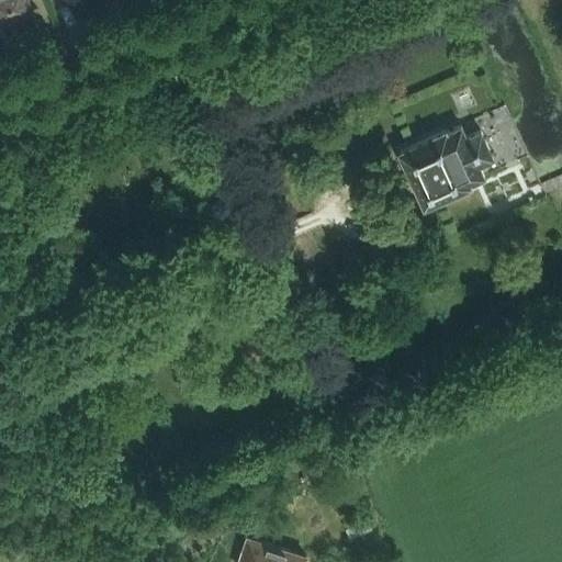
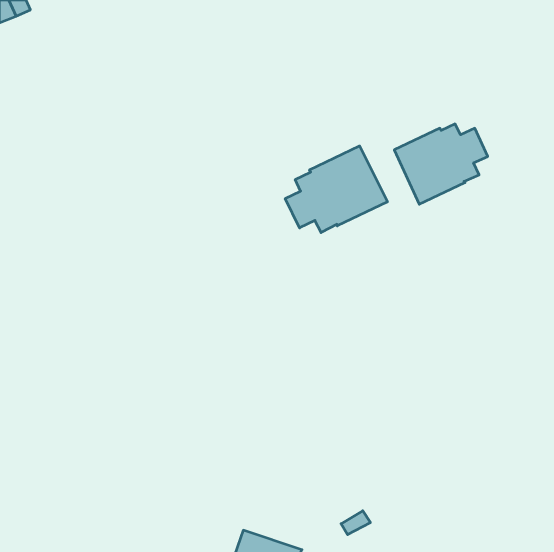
building: none -> [285,146,387,233]

